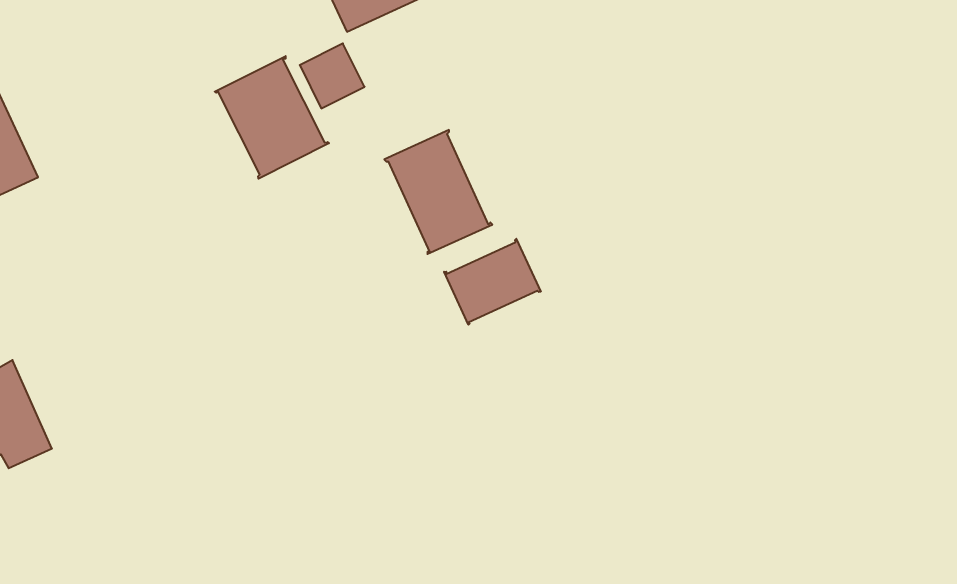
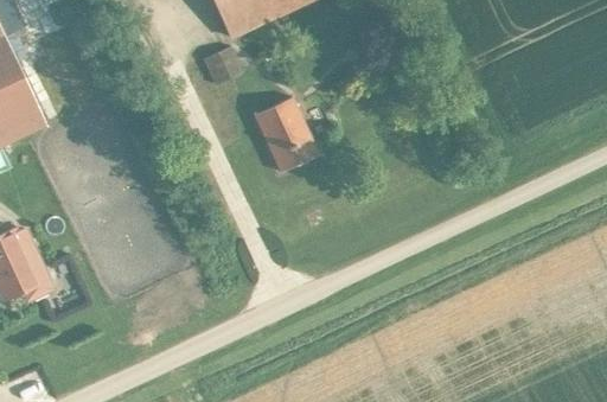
building: [215,56,329,179] -> none
building: [444,239,541,325] -> none

